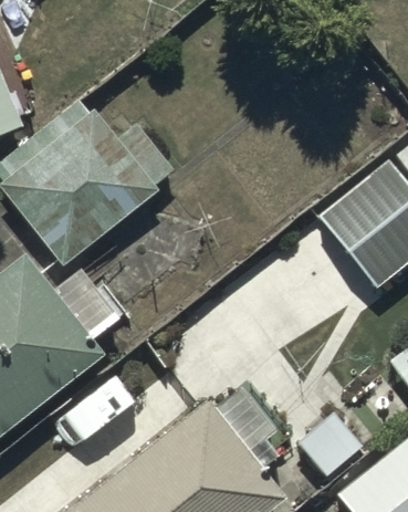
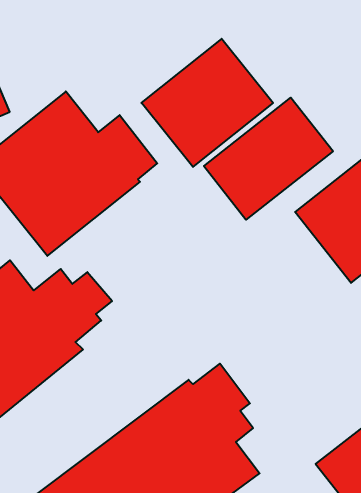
building: none -> [141,39,273,167]
building: none -> [204,98,333,220]

